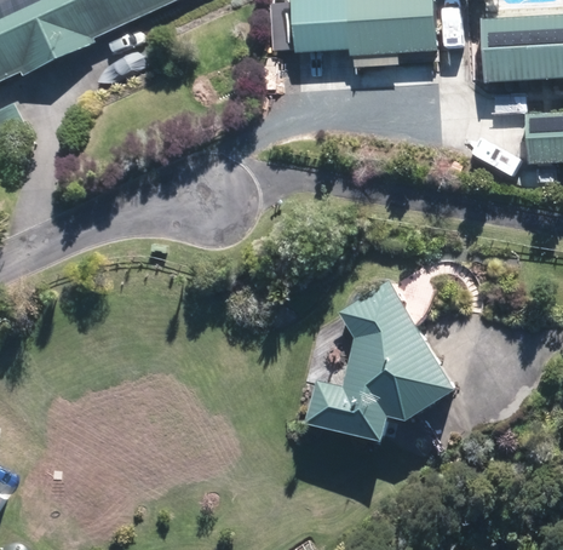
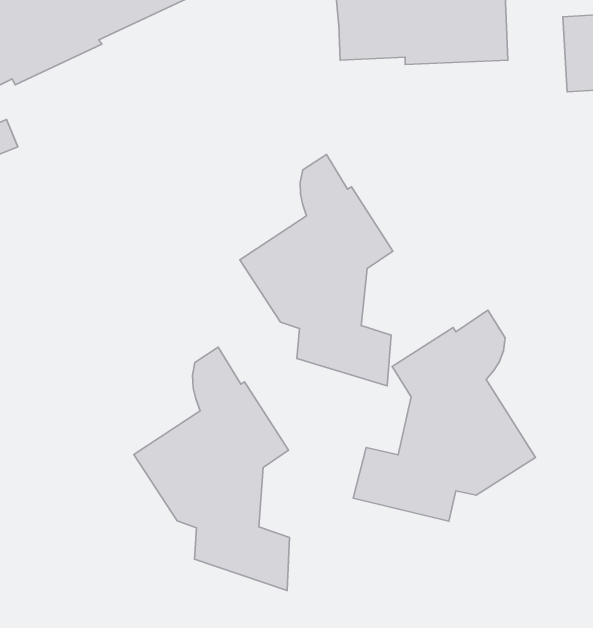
building: none -> [240,154,393,386]
building: none -> [134,347,290,590]

